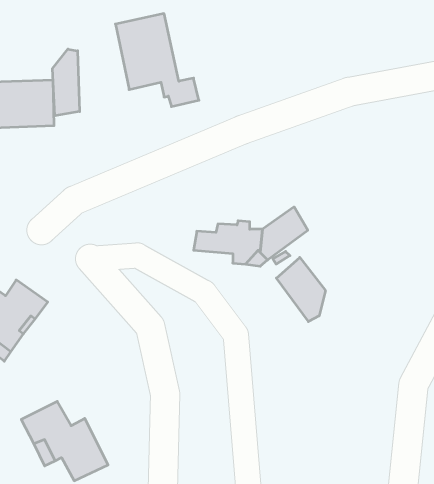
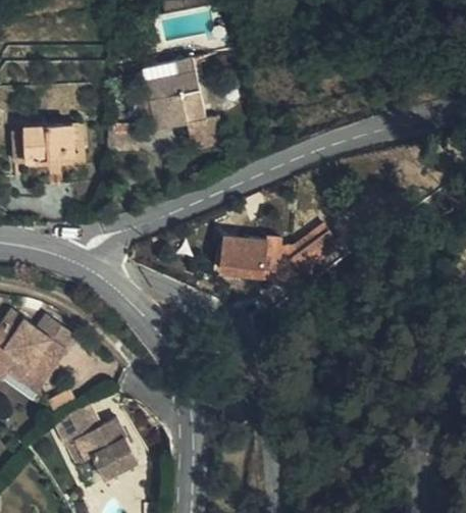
building: [52,49,80,116] -> none
building: [276,257,325,322] -> none

